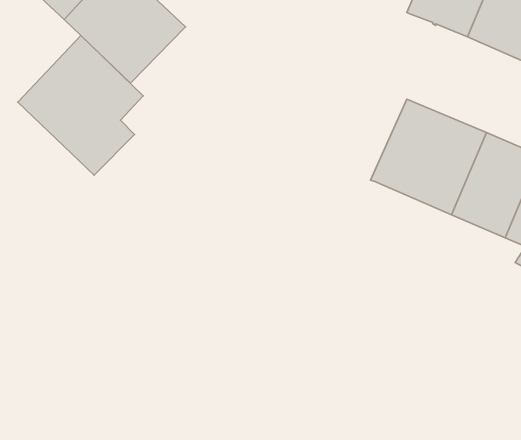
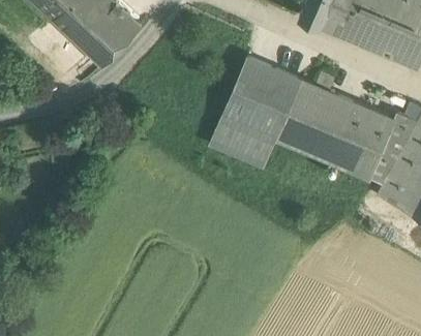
building: [18,36,143,175] -> none
building: none -> [209,58,300,170]

